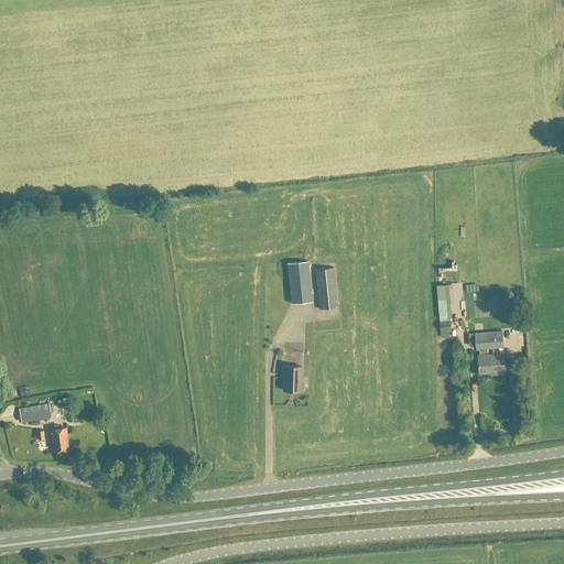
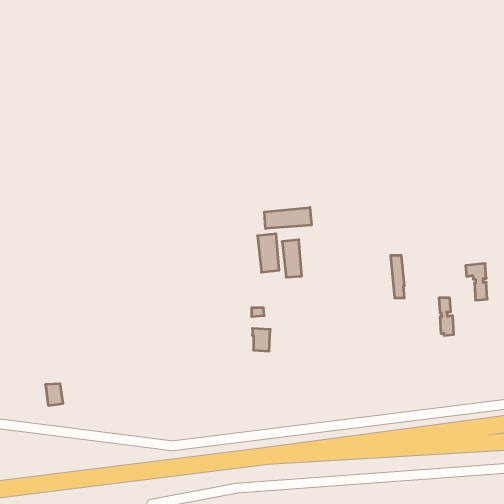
building: none -> [264,207,311,229]
building: [468,333,492,373] -> [466,264,487,300]
building: [19,404,51,424] -> none

